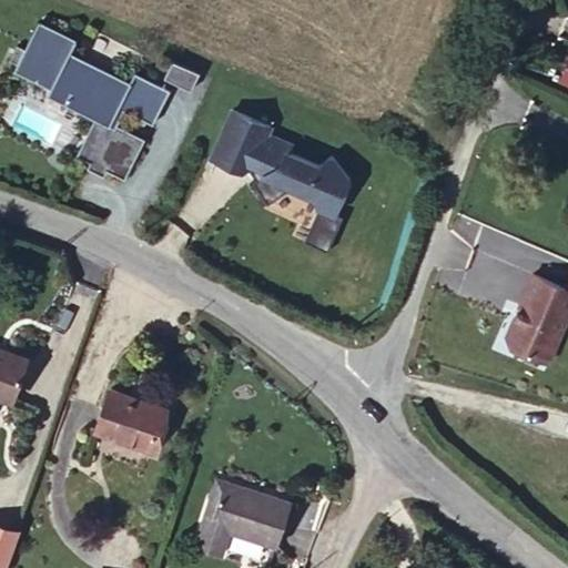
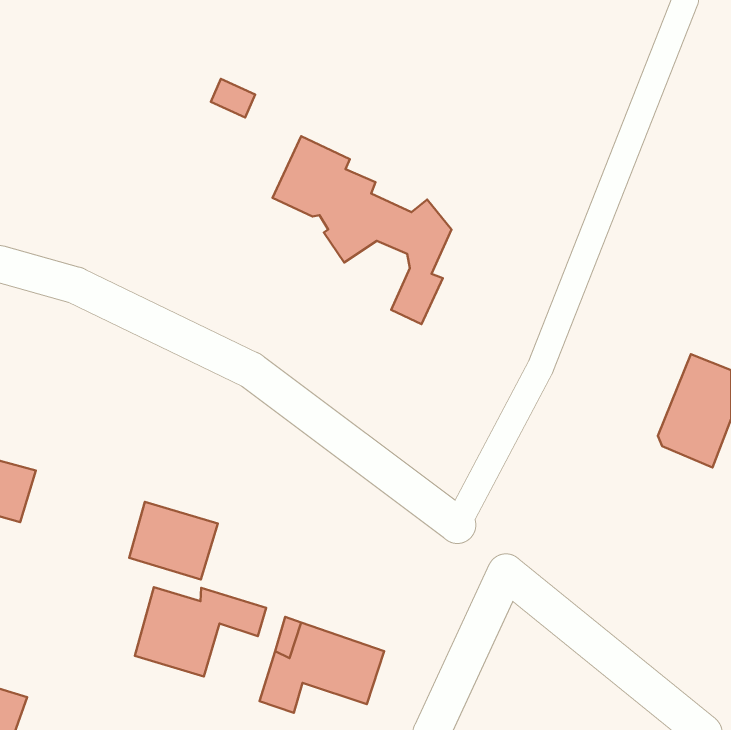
building: [9,21,168,181] -> none
building: none -> [135,587,266,676]

